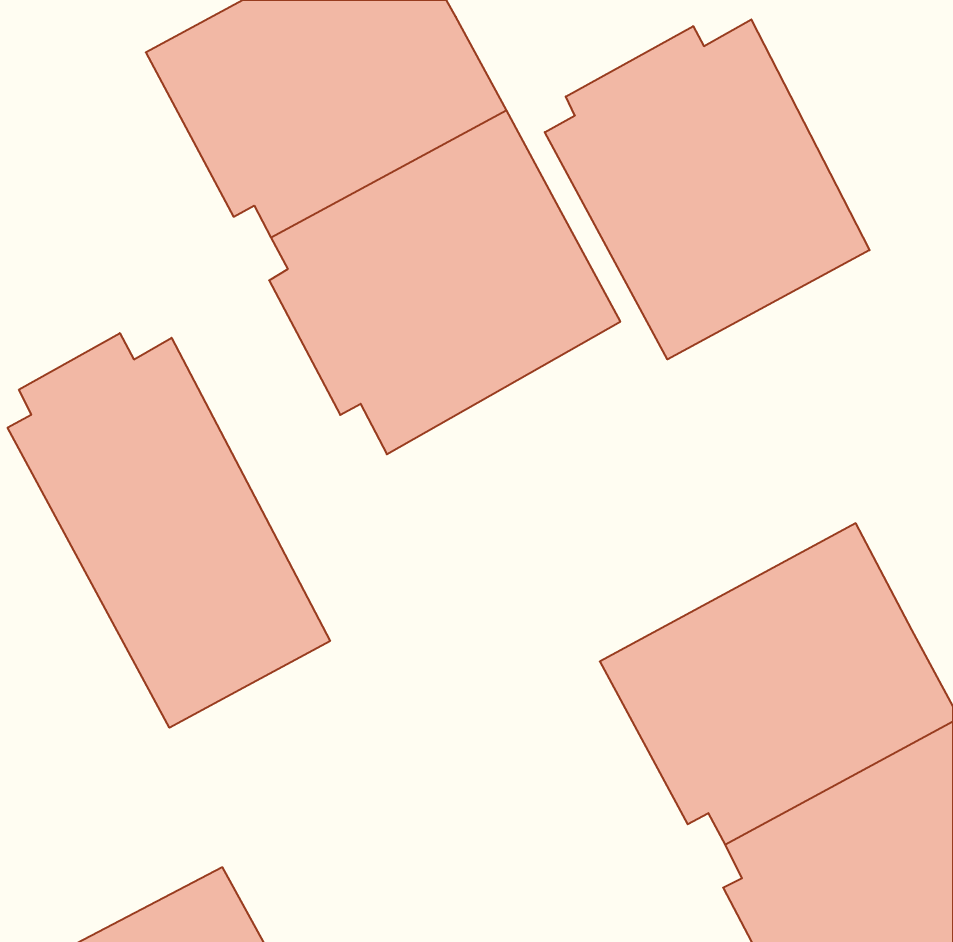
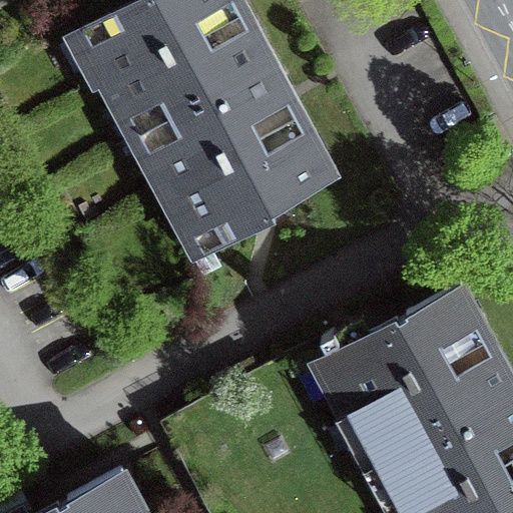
building: [545,19,870,359] -> none
building: [8,333,330,728] -> none

